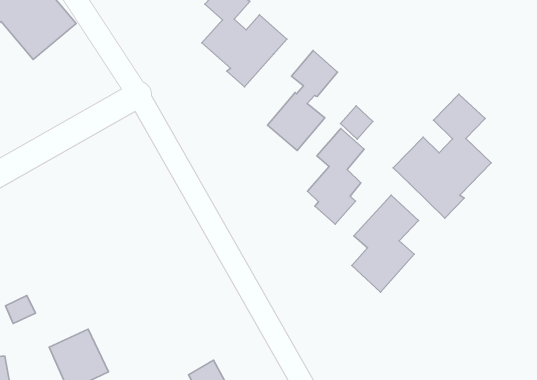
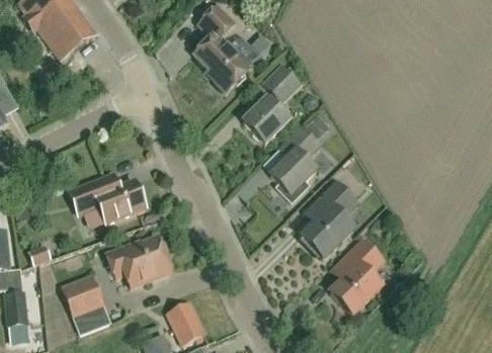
building: [393,94,491,218] -> none
building: none -> [71,173,146,224]
building: none -> [329,240,383,315]
building: none -> [107,239,171,287]

